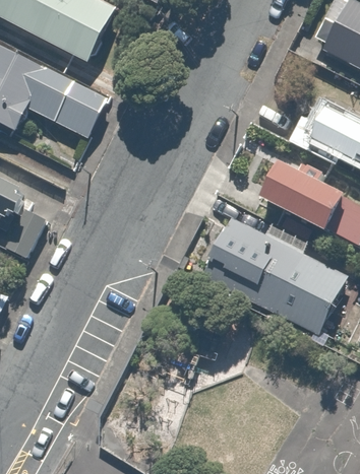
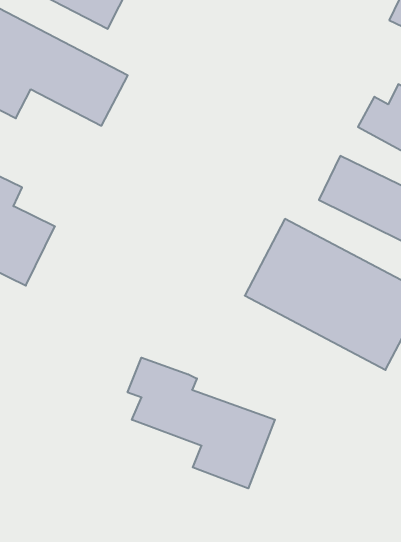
building: none -> [128,358,275,488]

